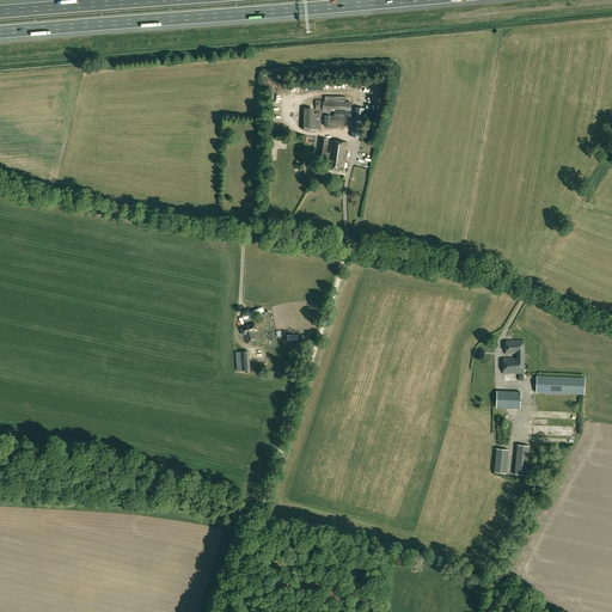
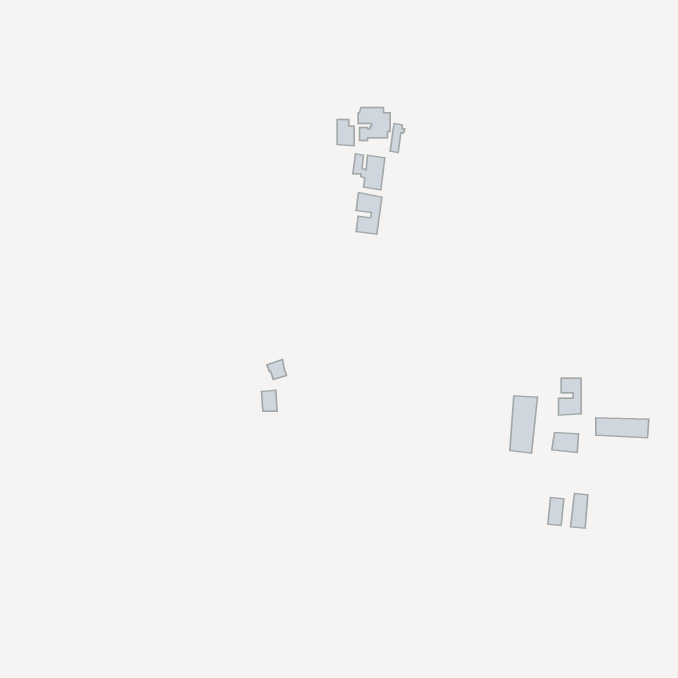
building: none -> [356,192,382,234]
building: none -> [510,396,538,453]

